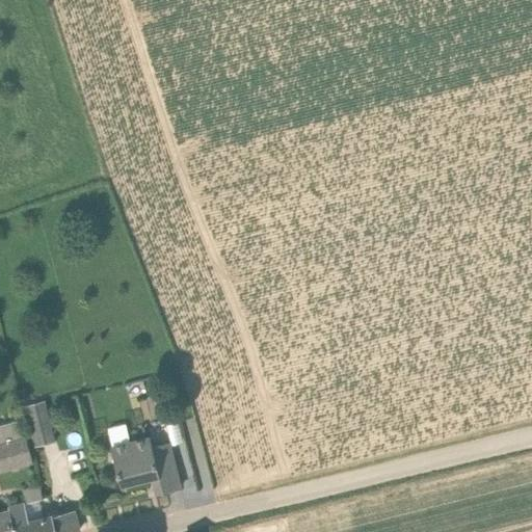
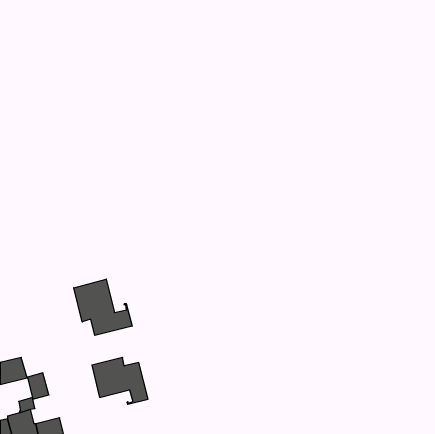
building: none -> [74,279,132,335]
building: [28,416,54,448] -> [28,373,49,399]

